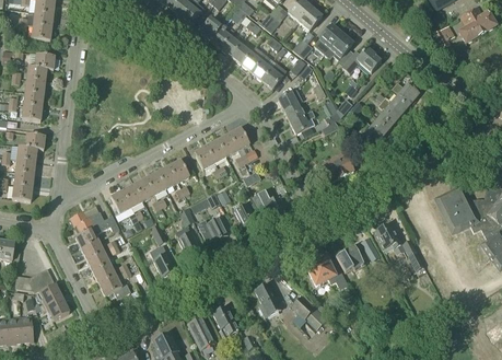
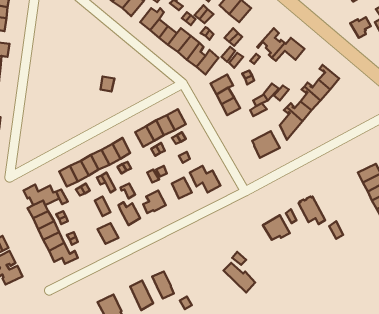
building: [313,24,347,58] -> none
building: [306,256,347,289] -> none
building: [255,283,280,316] -> none

